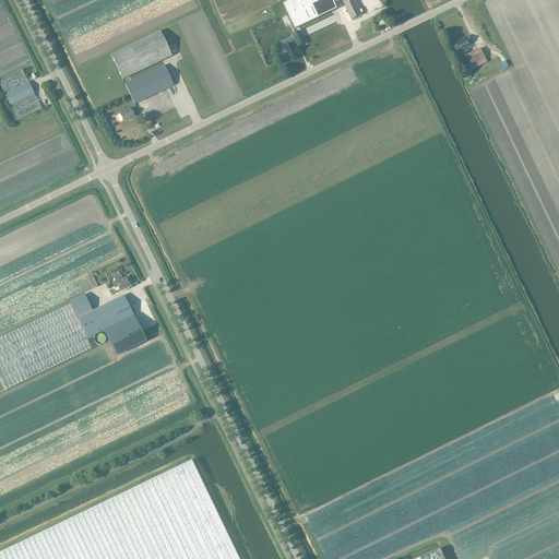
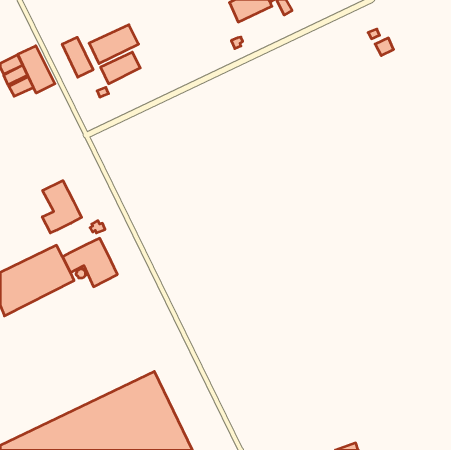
building: none -> [62,37,93,77]
building: none -> [18,46,55,93]
building: none -> [42,181,82,233]

